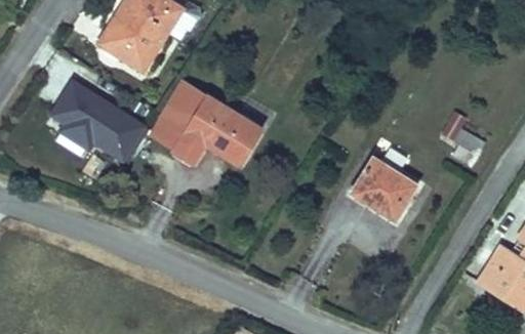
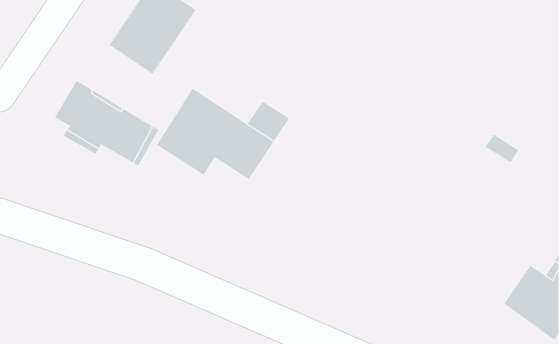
building: [352,156,423,223] -> none

